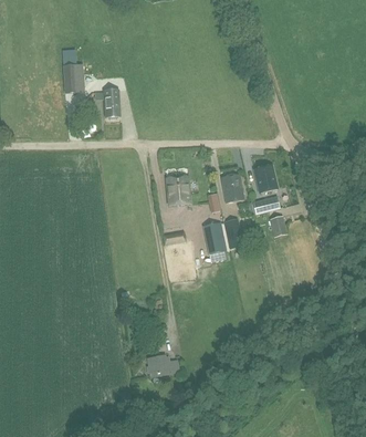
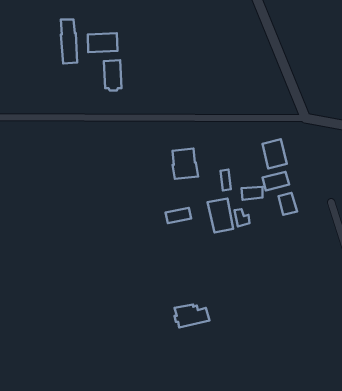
building: none -> [88,33,117,52]
building: [220,173,242,202] -> none
building: [146,355,179,377] -> [175,304,209,328]

